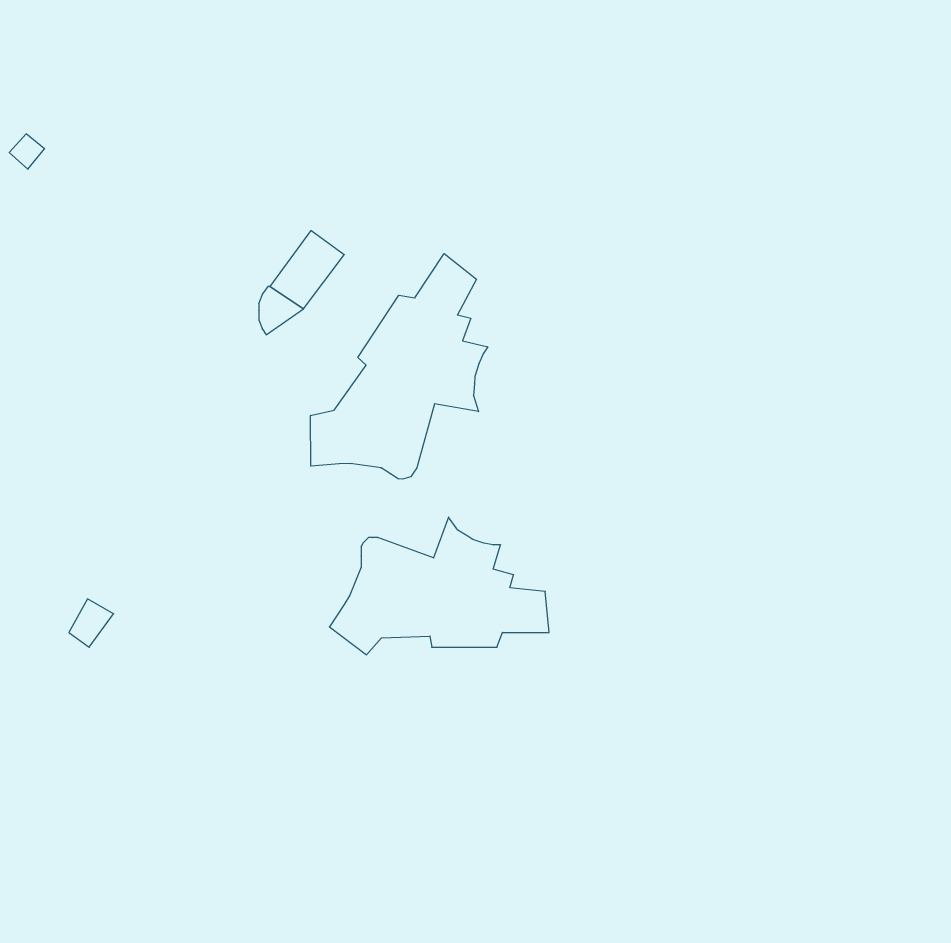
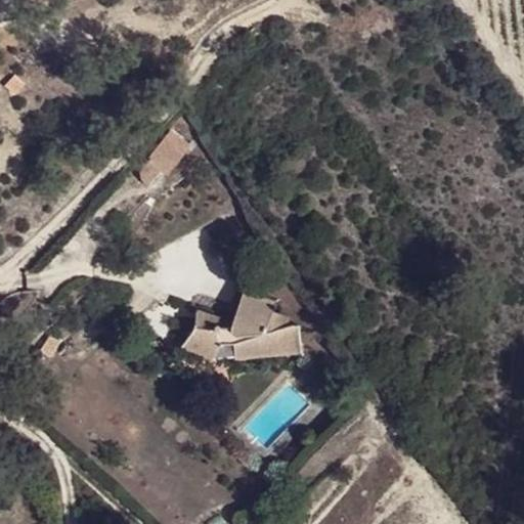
building: [311,254,488,479] -> none

